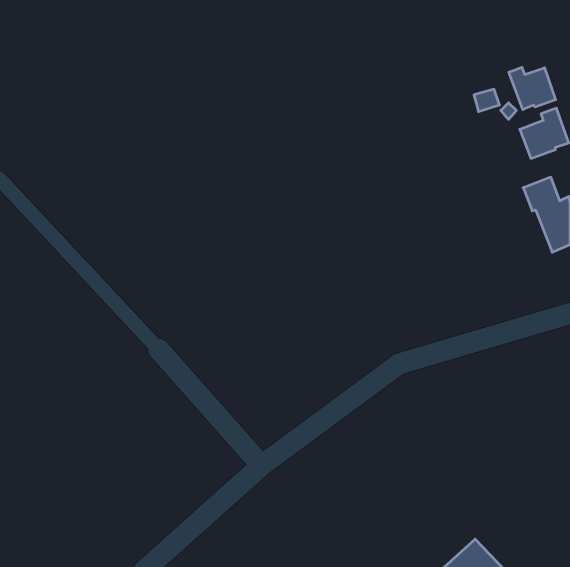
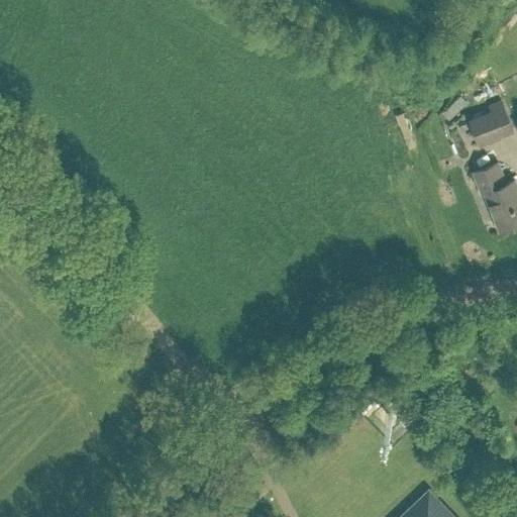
building: [509,67,556,110] -> none

